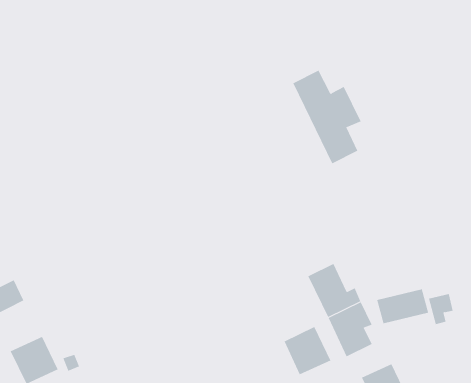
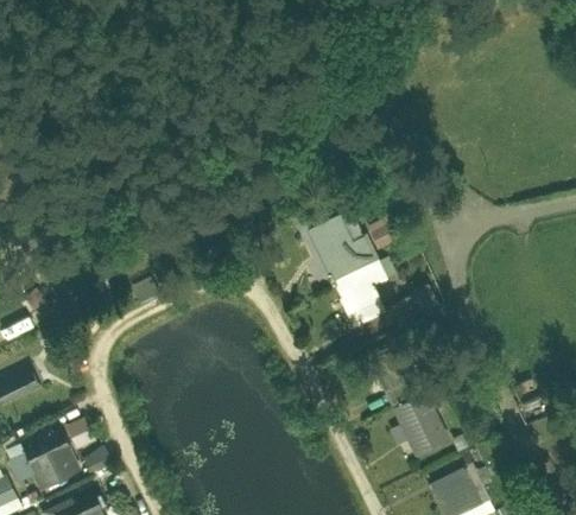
building: [293,70,361,164] -> [314,216,394,326]
building: [377,289,429,324] -> none
building: [284,326,331,375] -> none

